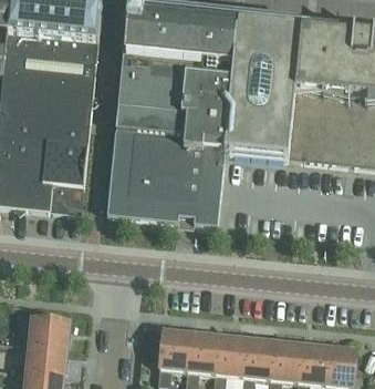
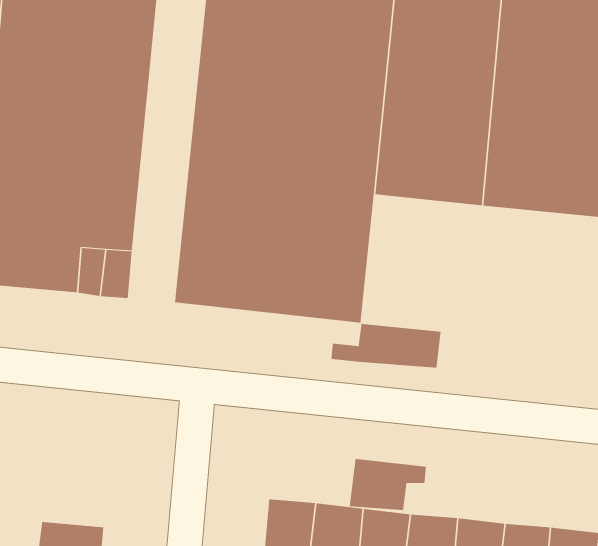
building: none -> [331,323,441,369]
building: none -> [349,458,426,511]
building: [17,314,70,345] -> none

